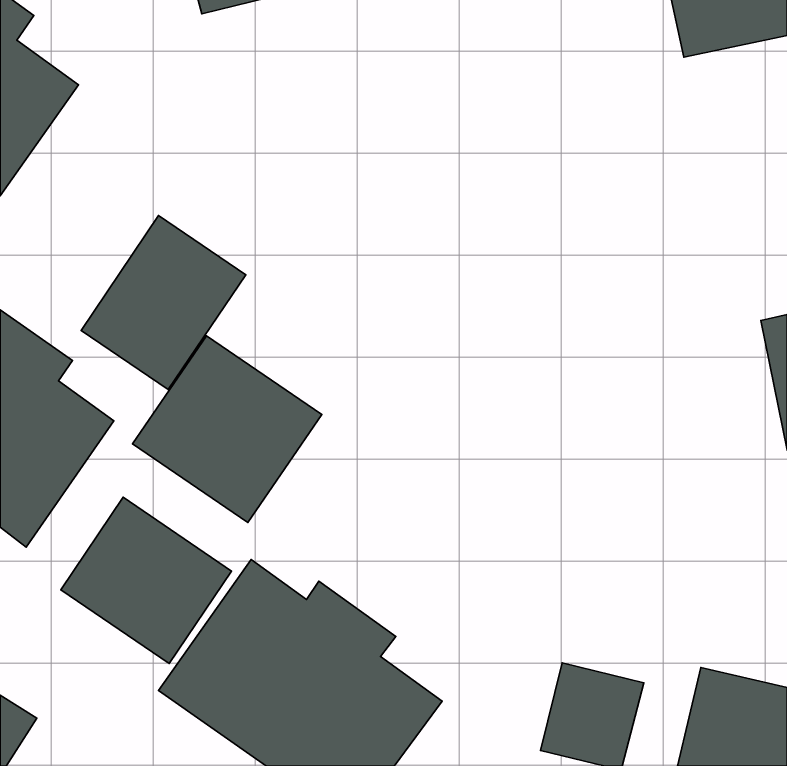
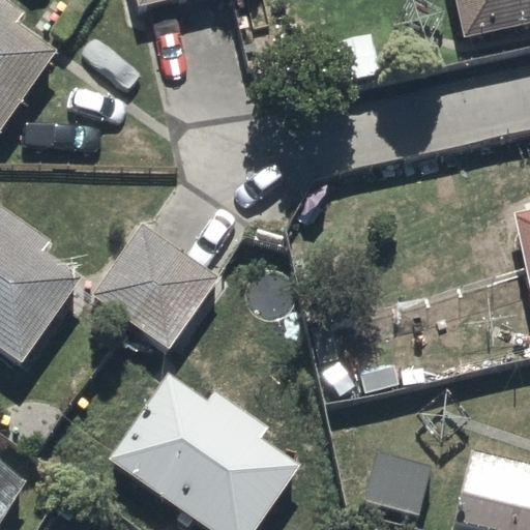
building: [81,216,246,390] -> none
building: [61,497,232,664] -> none

